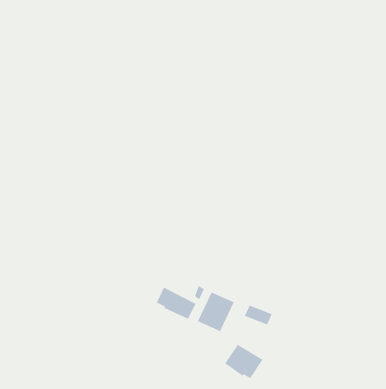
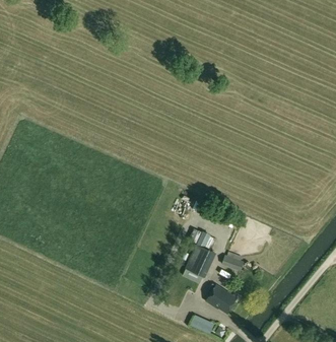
building: [156,286,196,320] -> none

